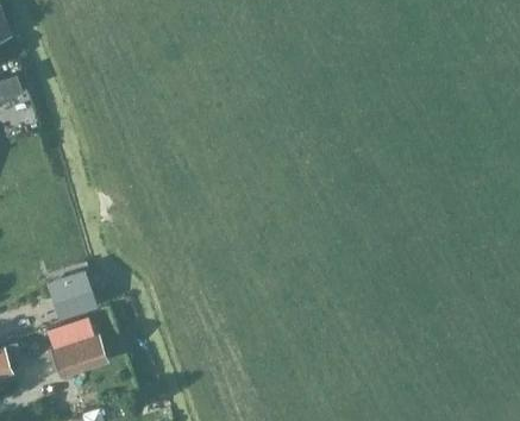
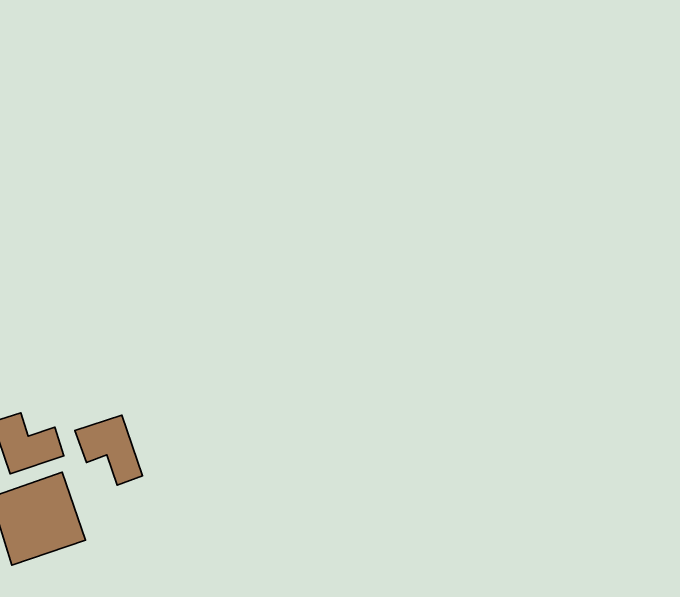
building: none -> [75,415,143,485]

